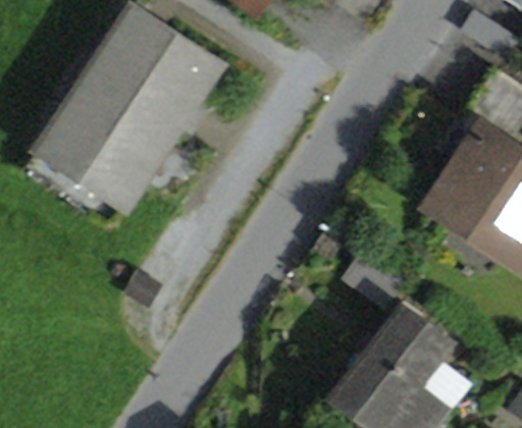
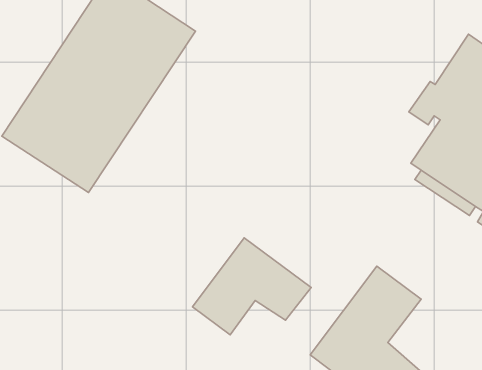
building: none -> [193,238,311,335]

